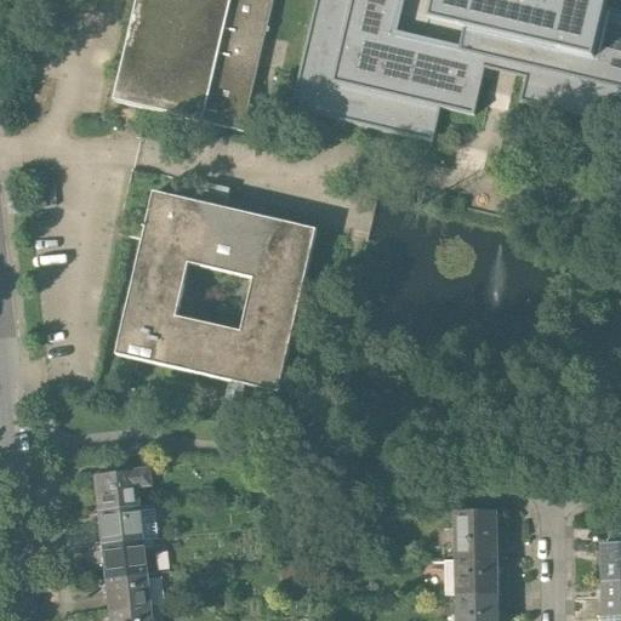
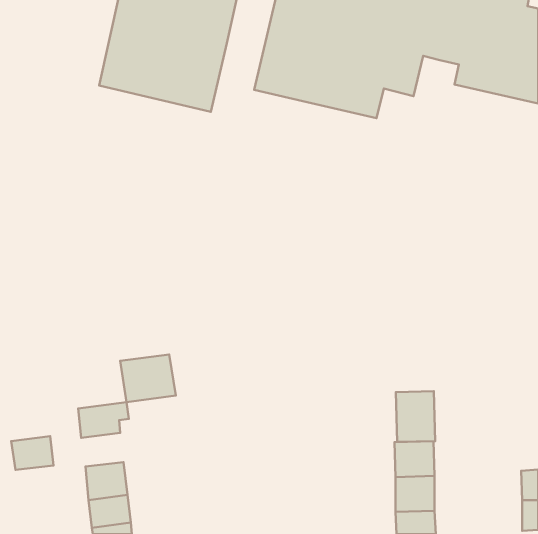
building: [116,189,315,388] -> none
building: none -> [120,354,176,402]
building: none -> [396,391,435,442]
building: [93,497,142,536] -> [11,436,53,470]

